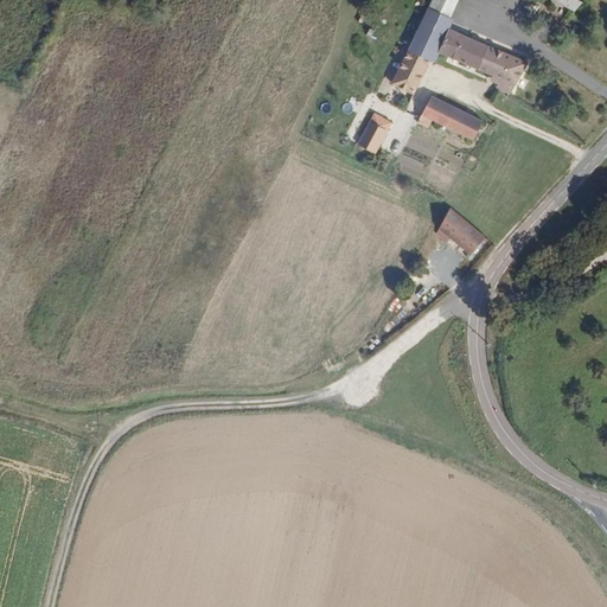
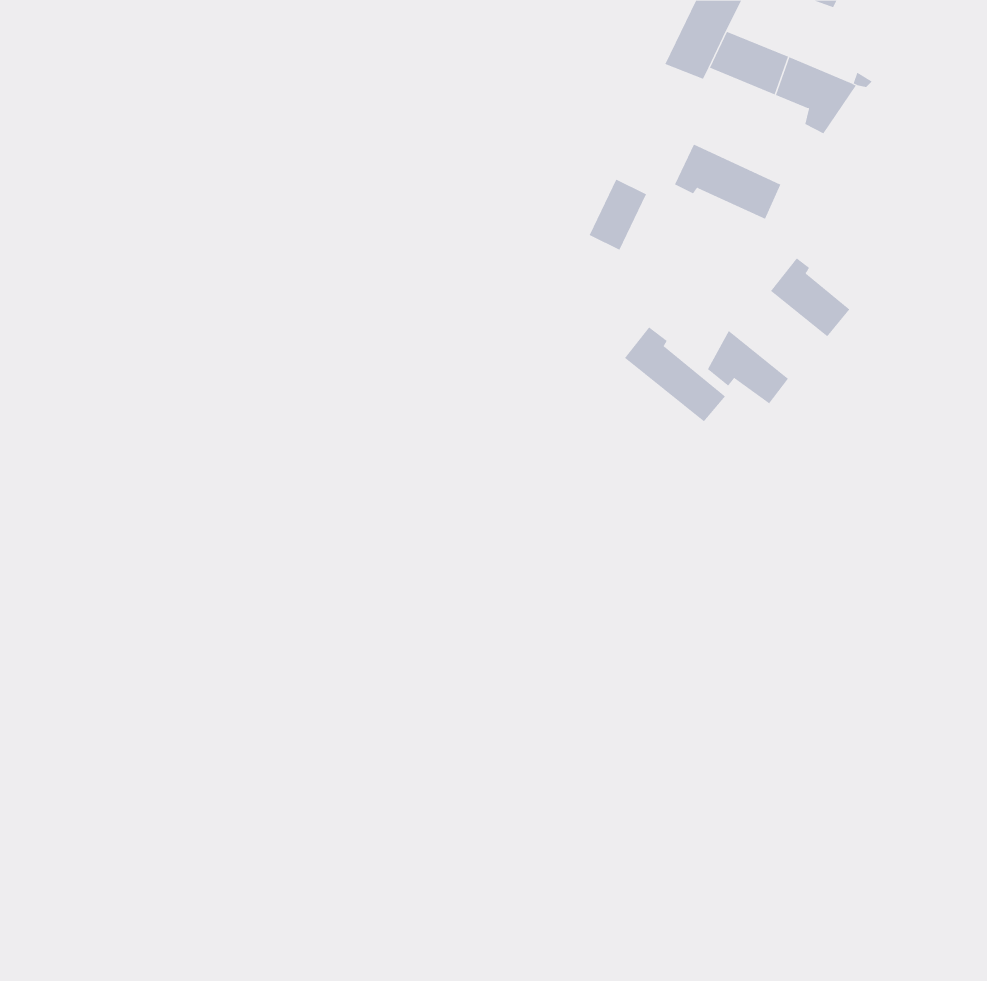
building: [391,46,433,94] -> none
building: none -> [770,258,850,337]
building: none -> [624,326,726,422]

